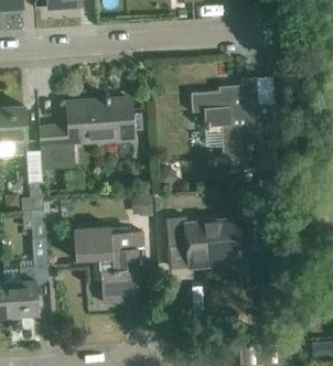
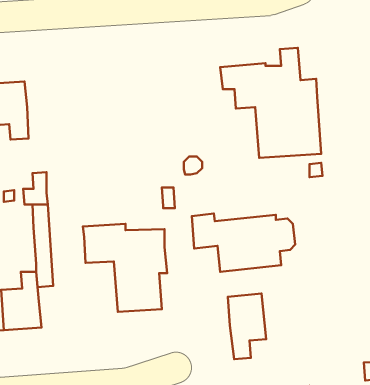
building: [39,97,142,160] -> none
building: none -> [228,294,266,359]

